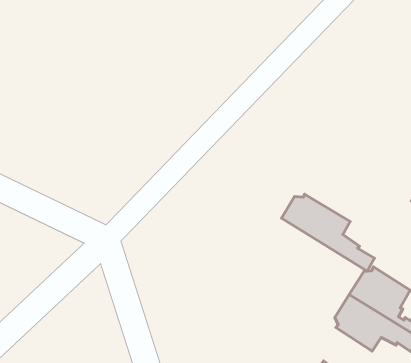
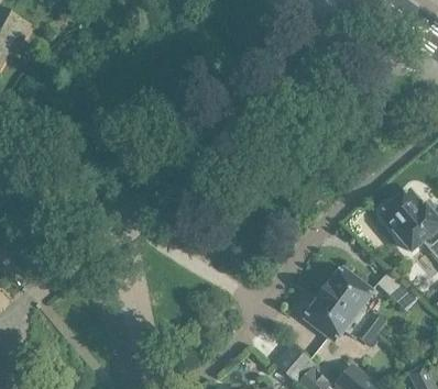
building: [281,194,375,271] -> none

